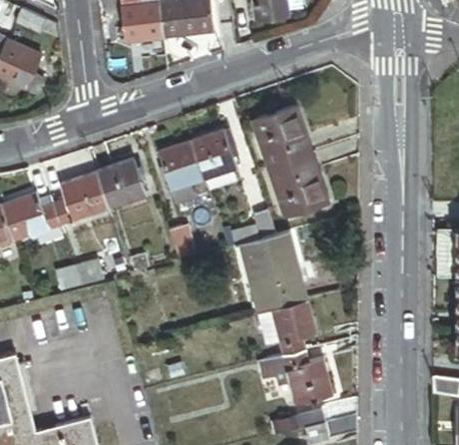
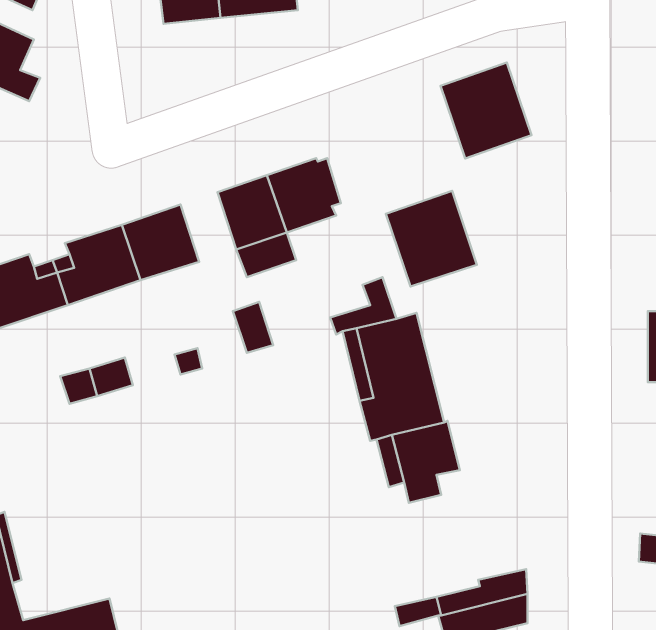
building: [253,104,312,166] -> [440,63,532,158]
building: [262,349,333,403] -> none

